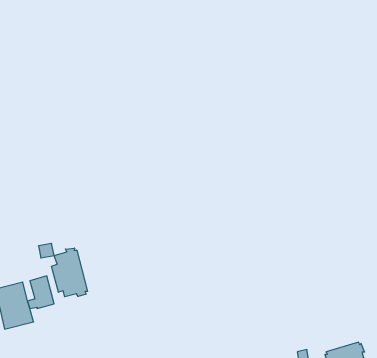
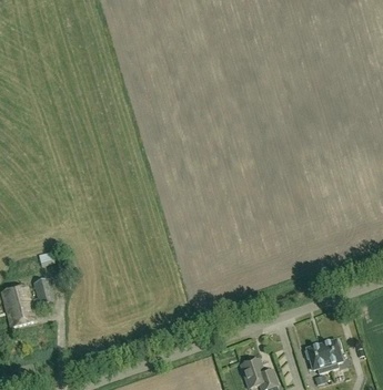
building: [52,248,88,297] -> none

